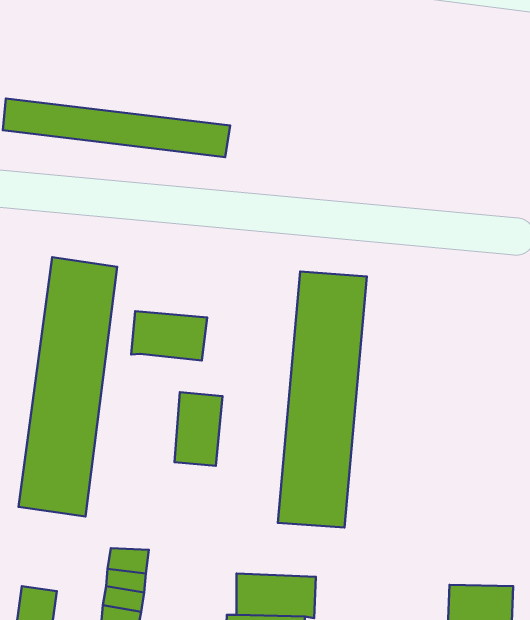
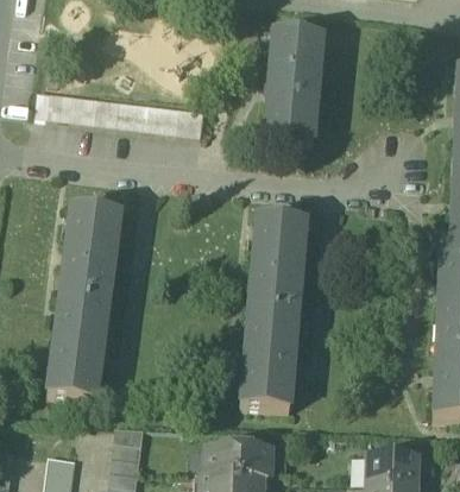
building: none -> [264,33,322,144]
building: [131,311,207,361] -> none
building: [175,392,223,466] -> none

